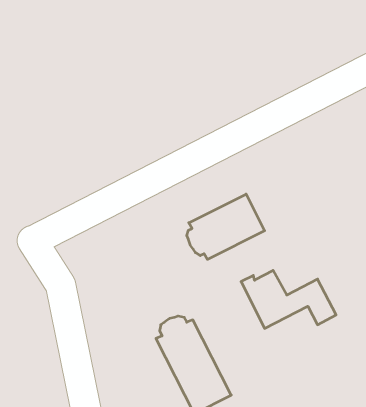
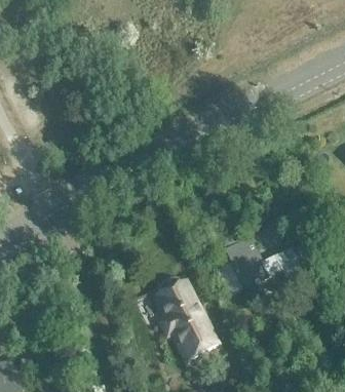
building: [187,194,265,259] -> none

